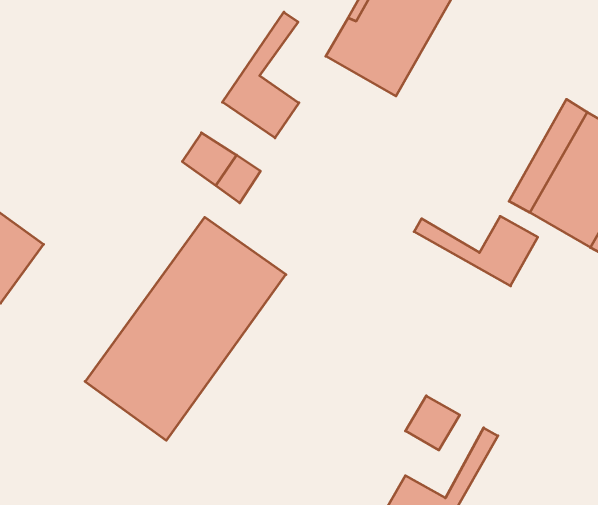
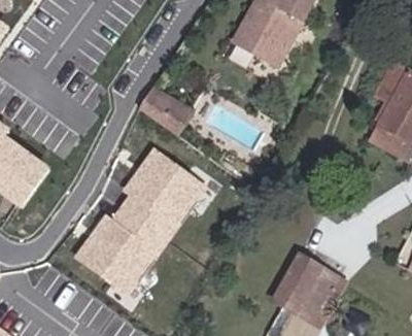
building: [222,12,299,138] -> none
building: [414,216,538,286] -> none
building: none -> [270,276,333,330]

